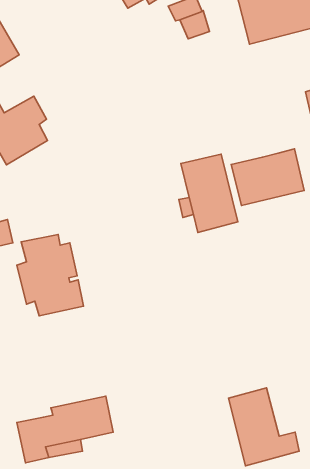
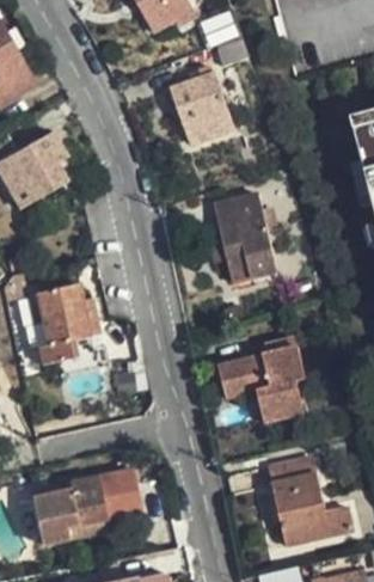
building: none -> [173,61,232,140]
building: [231,149,304,206] -> none
building: none -> [220,345,308,427]

